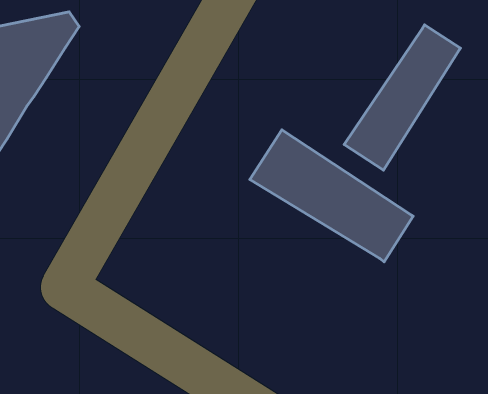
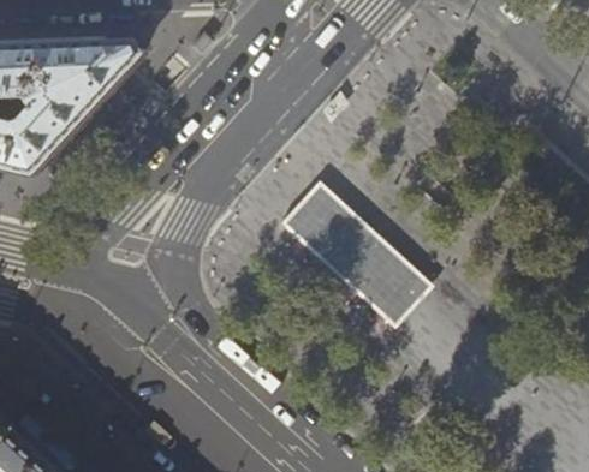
building: [344,25,460,170] -> none

